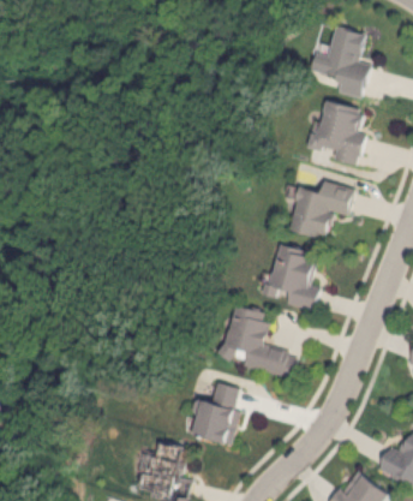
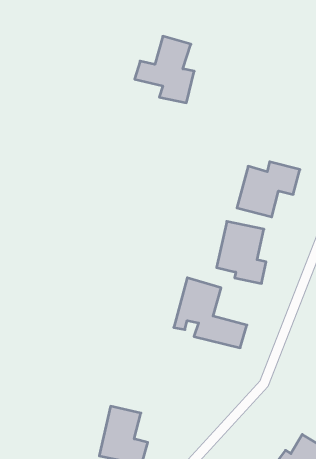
building: [304,23,367,94] -> [135,36,194,103]
building: [311,99,361,163] -> none
building: [193,382,243,442] -> none

